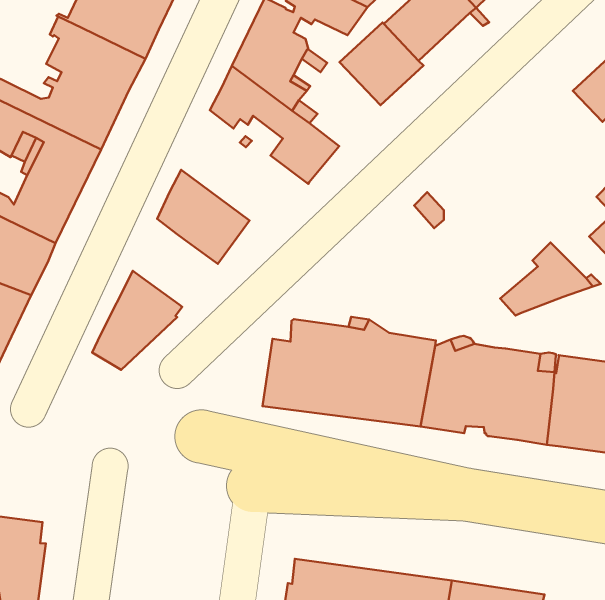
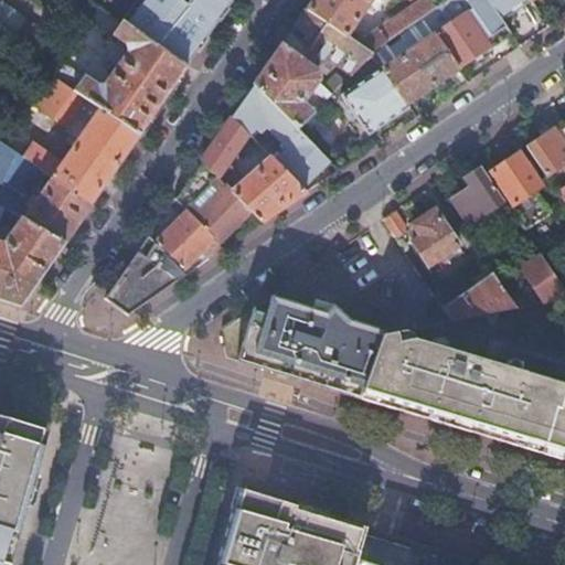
building: none -> [491,152,542,205]
building: none -> [201,116,306,222]
building: none -> [452,164,504,224]
building: none -> [412,210,458,267]
building: none -> [156,211,224,268]

